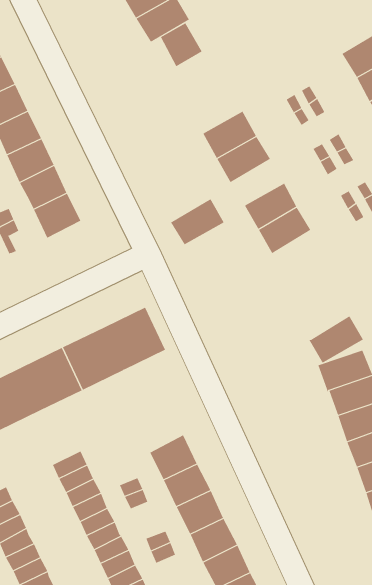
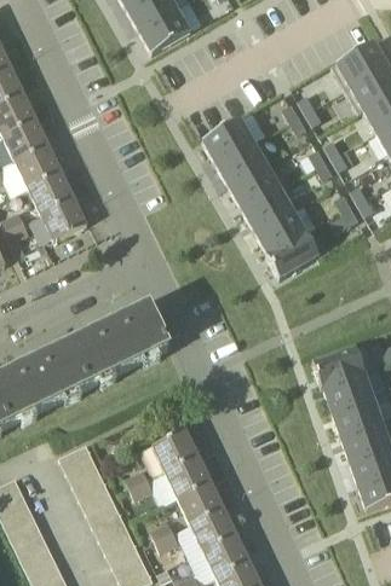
building: [160,23,202,67] -> none
building: [170,198,225,245] -> [229,163,281,208]
building: [308,315,364,363] -> [266,231,320,277]

